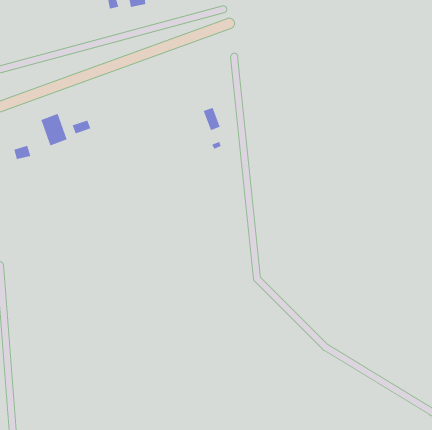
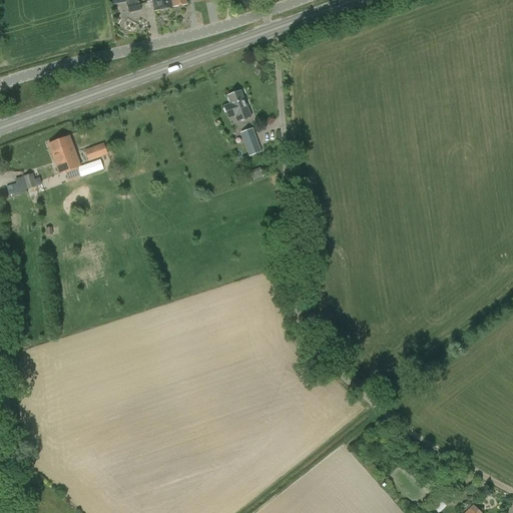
building: none -> [223,90,249,119]

